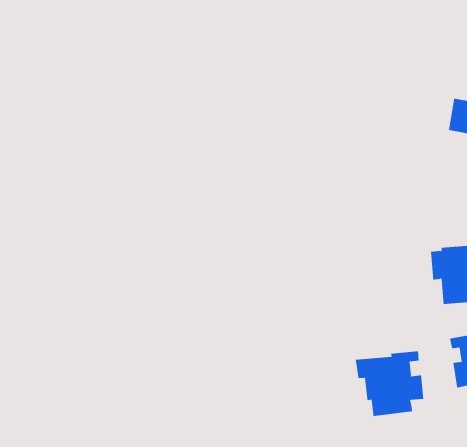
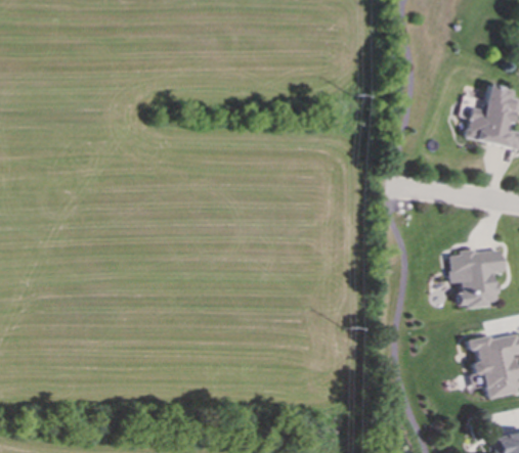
building: [355,351,424,417] -> none

